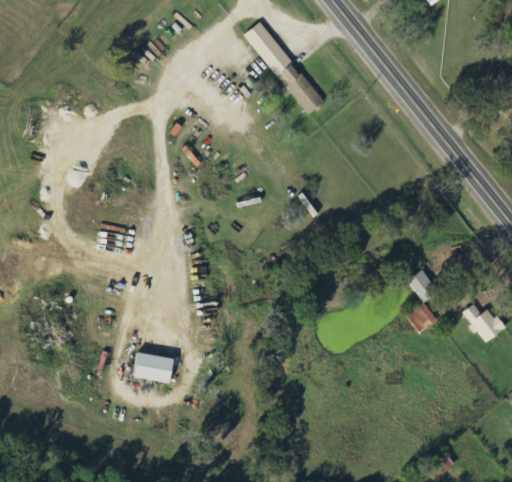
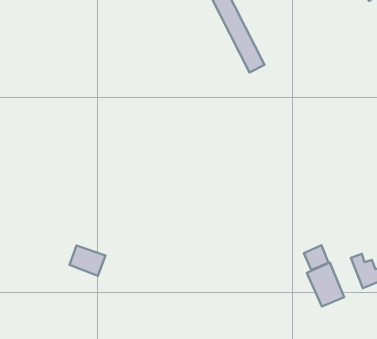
building: [408,270,437,302] -> none
building: none -> [307,262,344,306]

